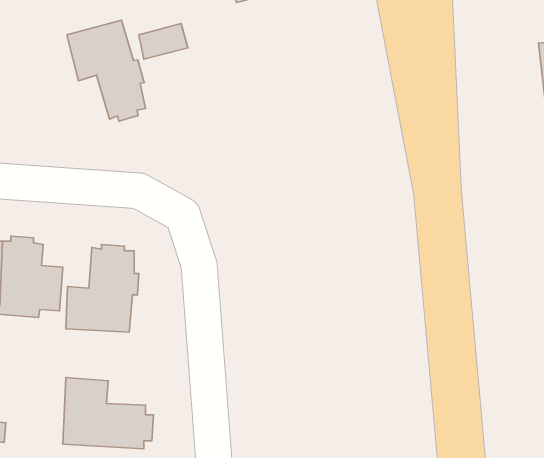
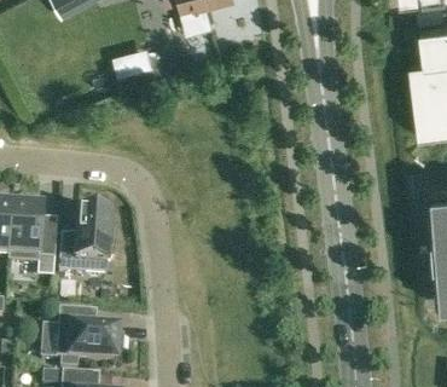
building: [67,20,146,121] -> none

